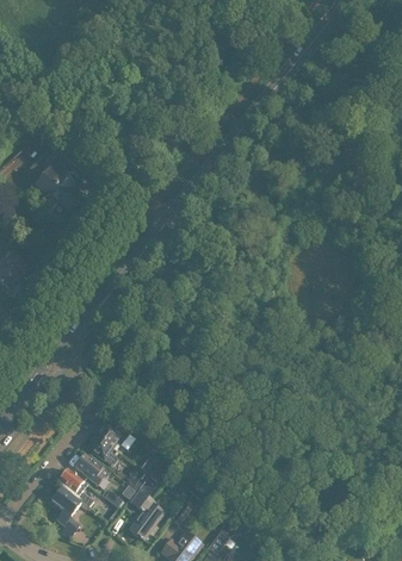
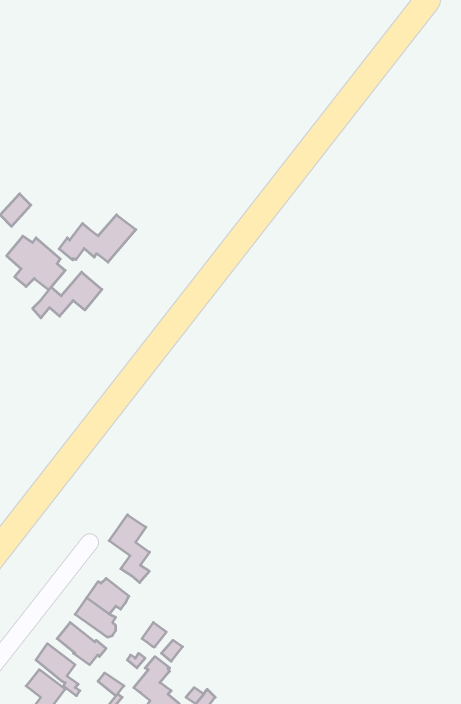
building: none -> [59,215,136,262]
building: none -> [33,272,102,318]
building: none -> [109,515,150,583]

